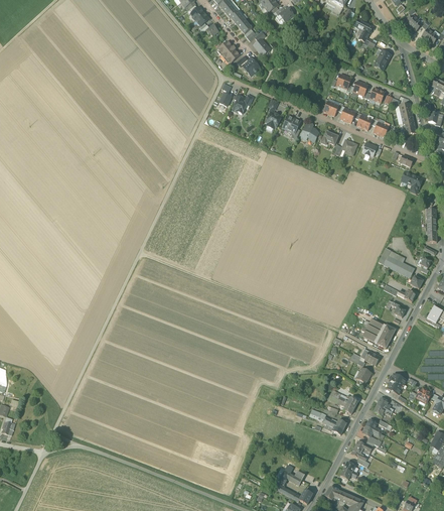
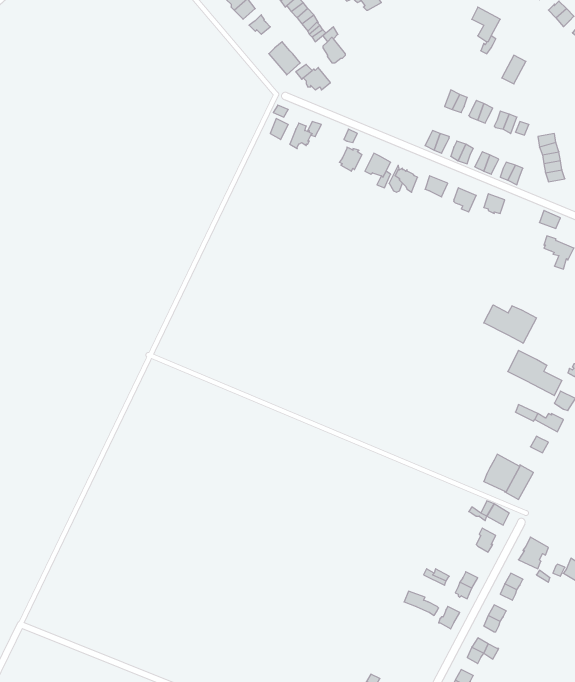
building: none -> [484,305,536,343]

